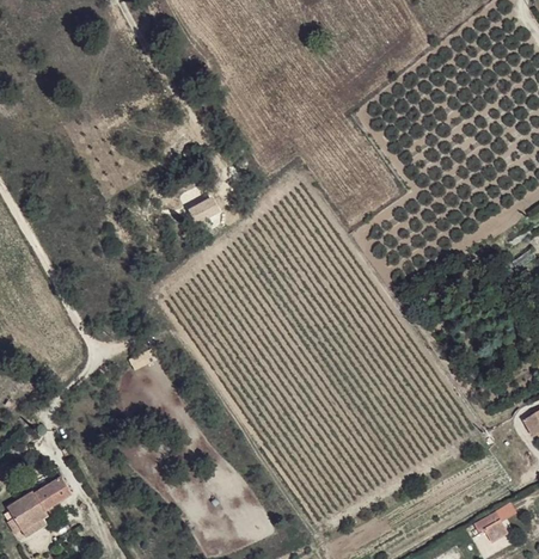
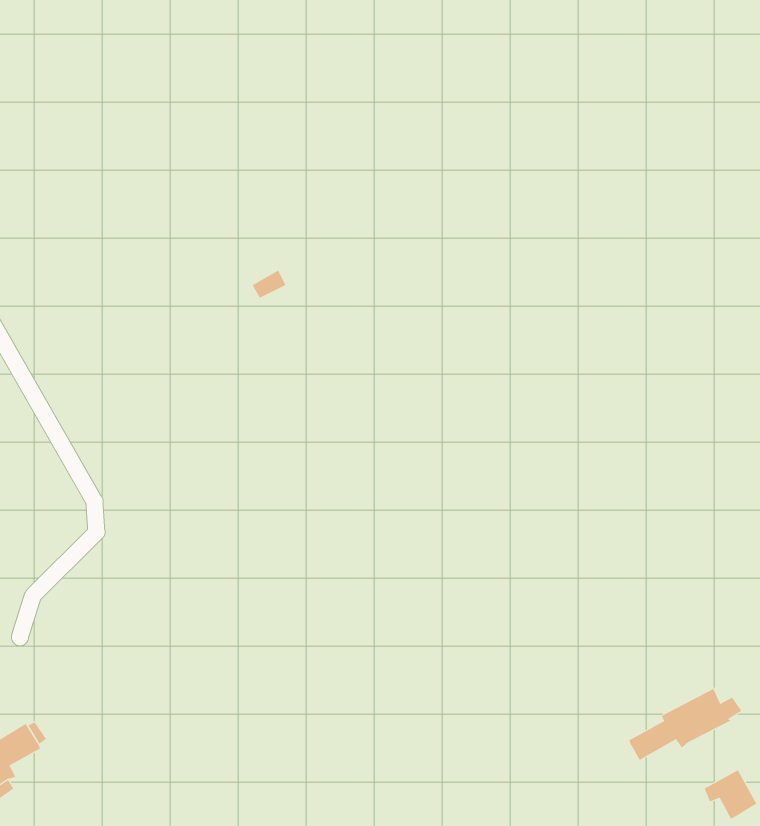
building: none -> [629,688,742,761]

